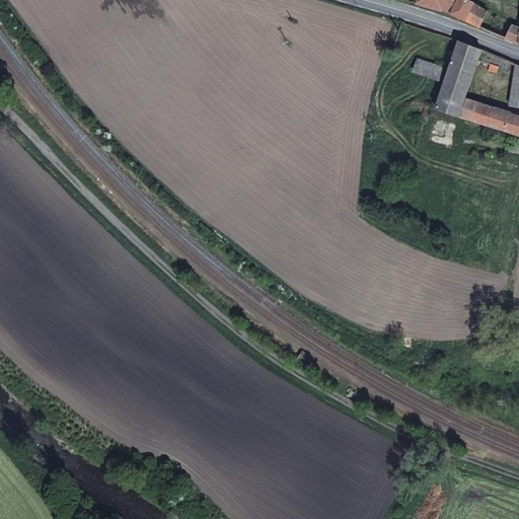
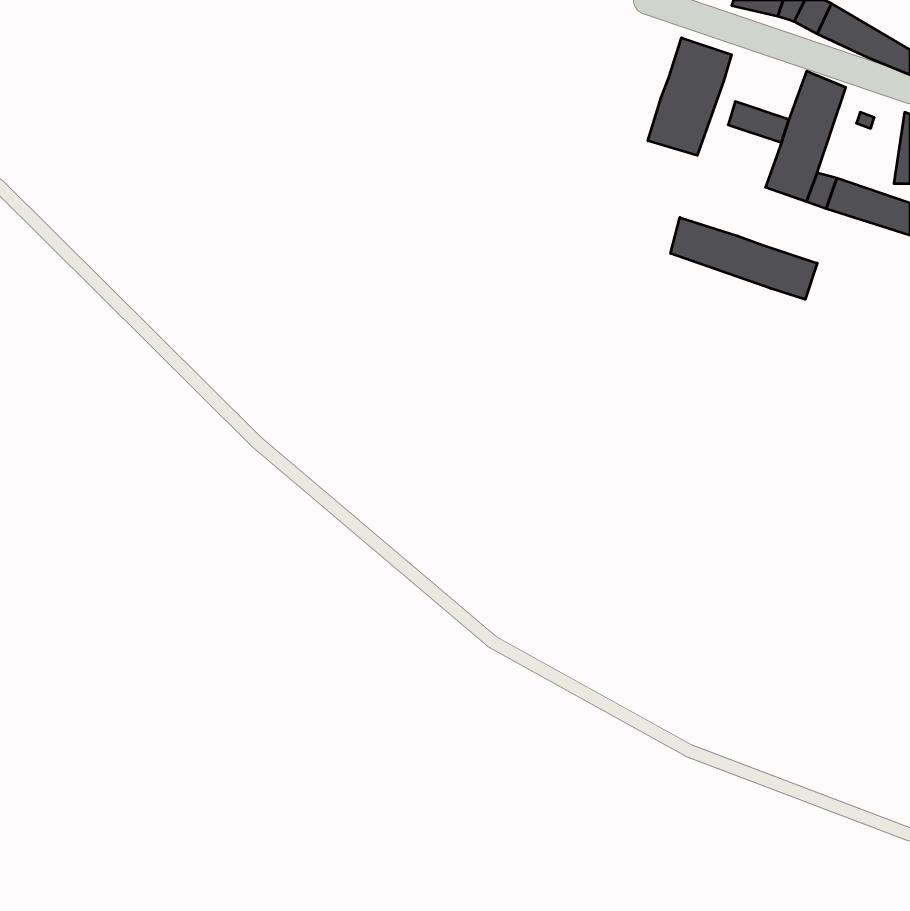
building: none -> [648,38,732,155]
building: none -> [671,217,817,299]

